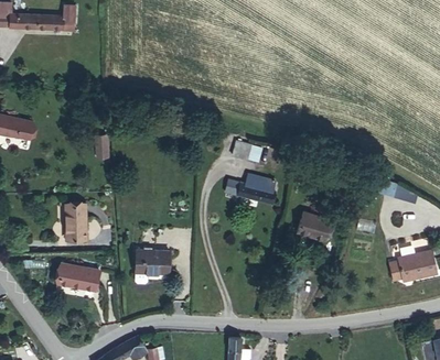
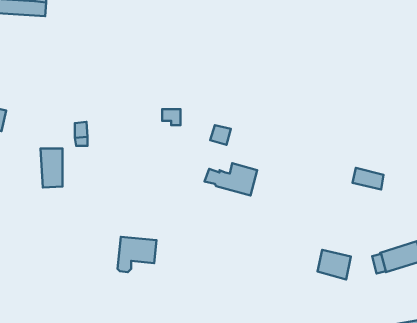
building: [66,207,87,244] -> [41,149,62,188]
building: [296,218,328,247] -> [318,250,351,280]
building: [58,265,101,295] -> none

